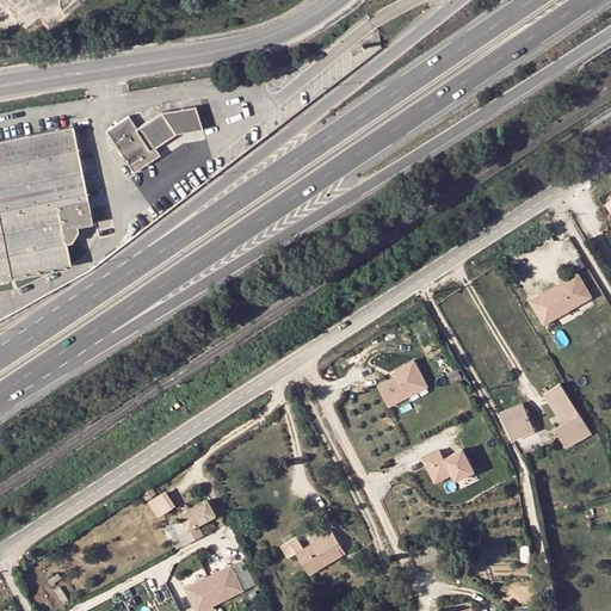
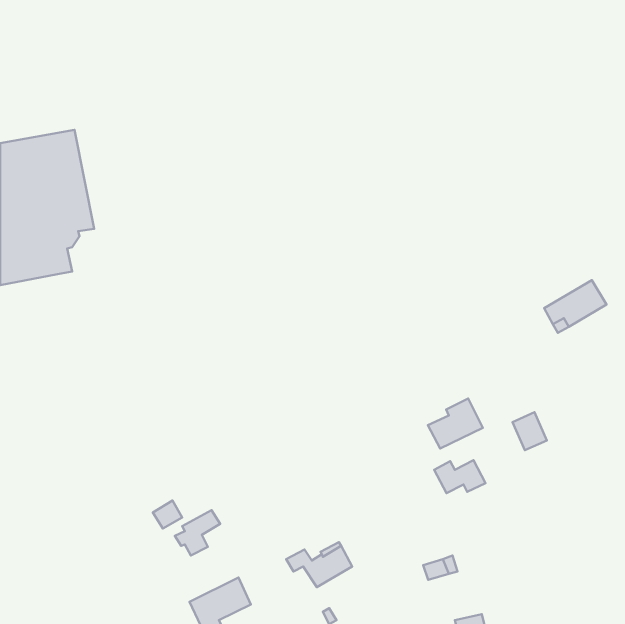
building: [107,107,202,173] -> none
building: [377,358,431,407] -> [428,398,483,449]
building: [543,383,590,448] -> none

